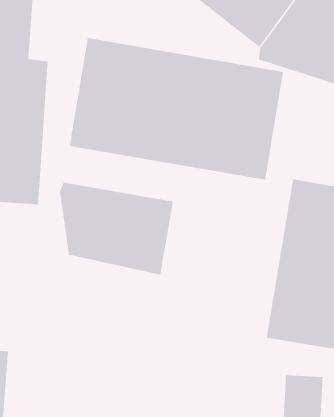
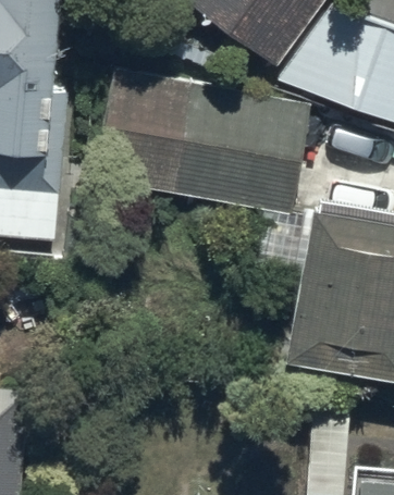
building: [59,182,174,275] -> none

